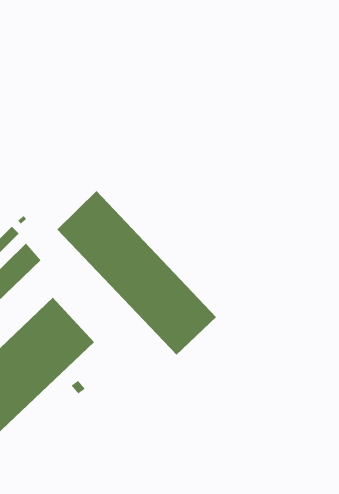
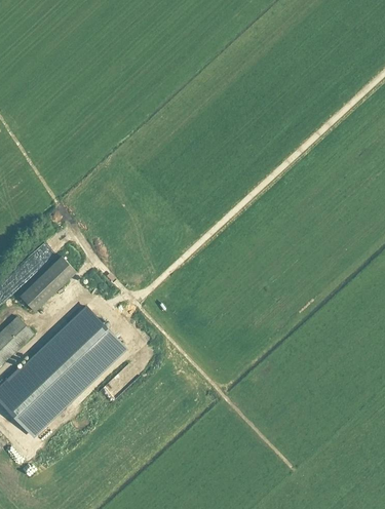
building: [56,190,217,356] -> none

